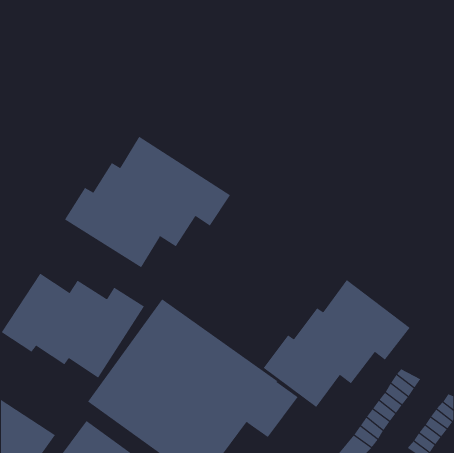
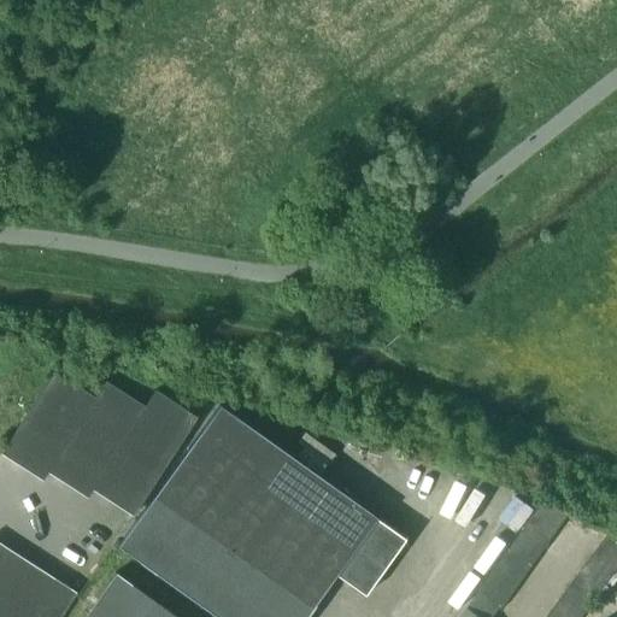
building: [64,136,231,268] -> none
building: [263,279,410,408] -> none

